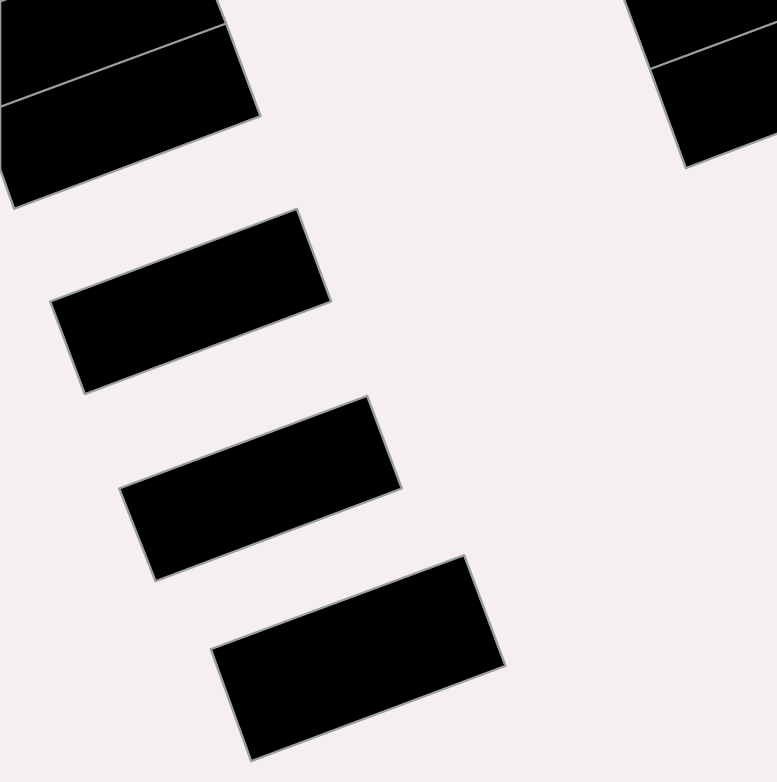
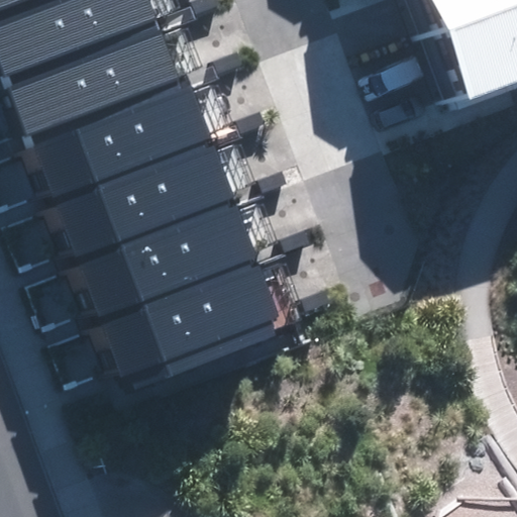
building: none -> [25,75,207,194]
building: none -> [71,194,252,314]
building: [211,555,506,761] -> none

